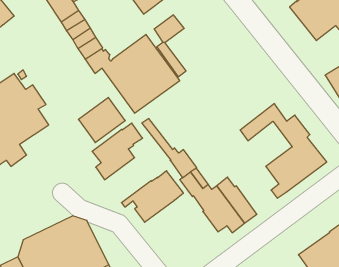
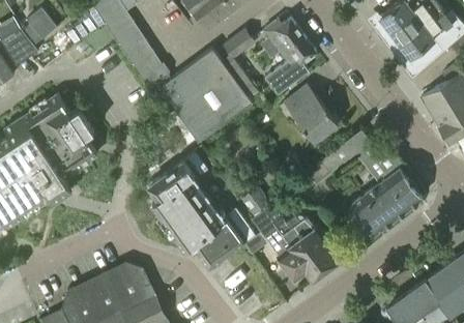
building: none -> [261,18,316,95]
building: none -> [278,85,338,143]
building: [78,97,125,143] -> [163,194,218,246]

